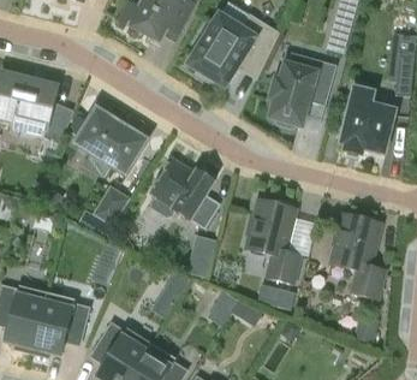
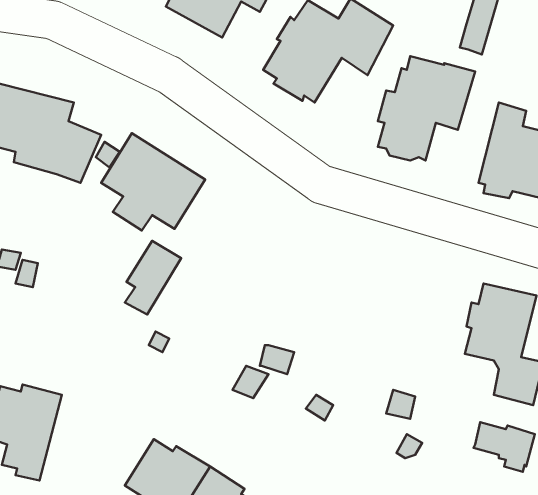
building: [150,158,220,227] -> none
building: [246,196,302,283] -> none
building: [31,291,89,356] -> none

